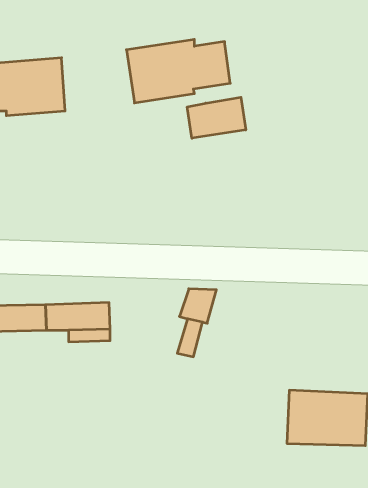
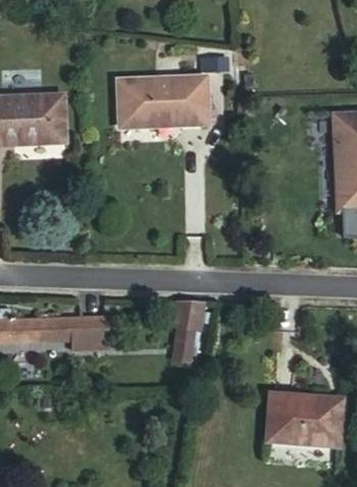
building: [187,97,246,138] -> none

